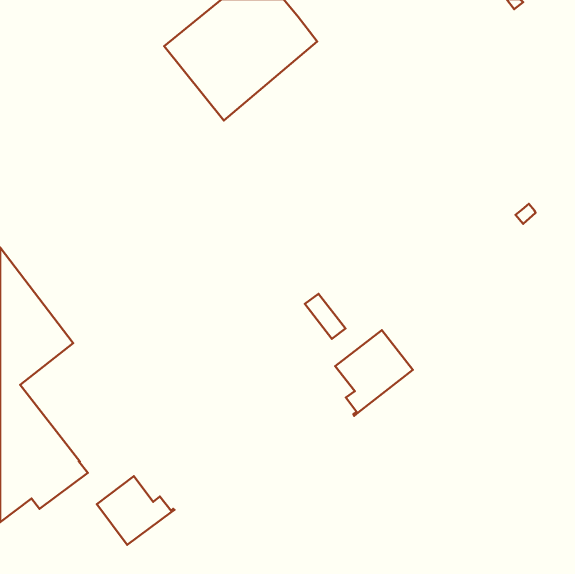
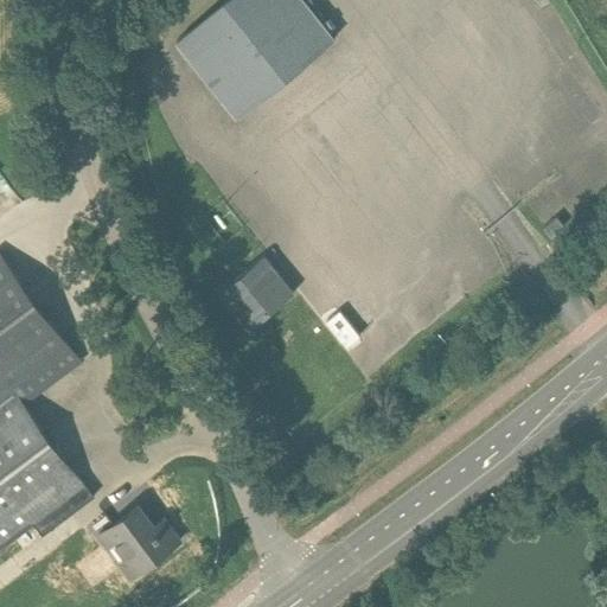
building: none -> [216,256,293,330]
building: [335,330,413,416] -> none

